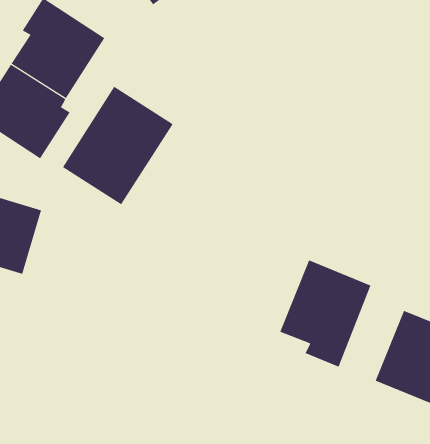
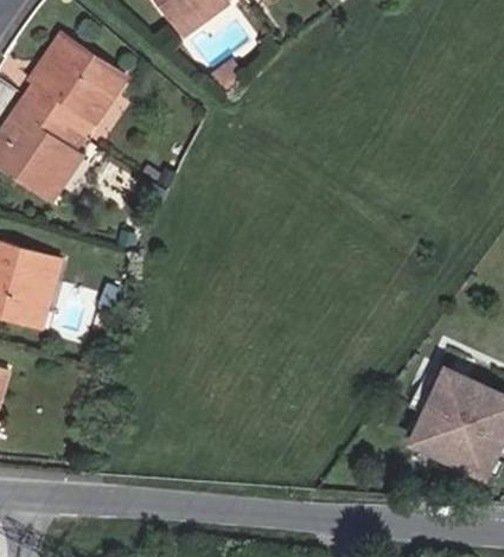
building: [62,86,173,205] -> none
building: [279,260,371,367] -> none

